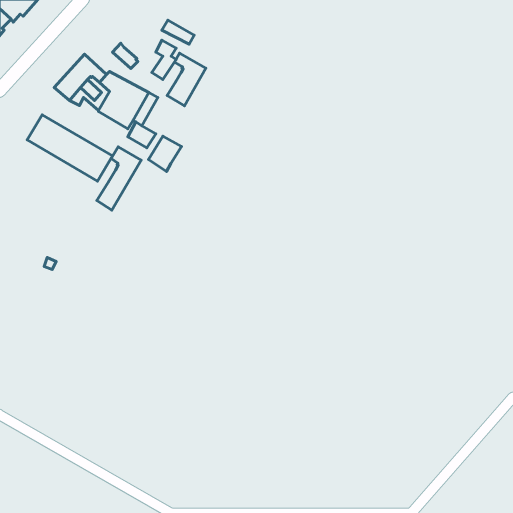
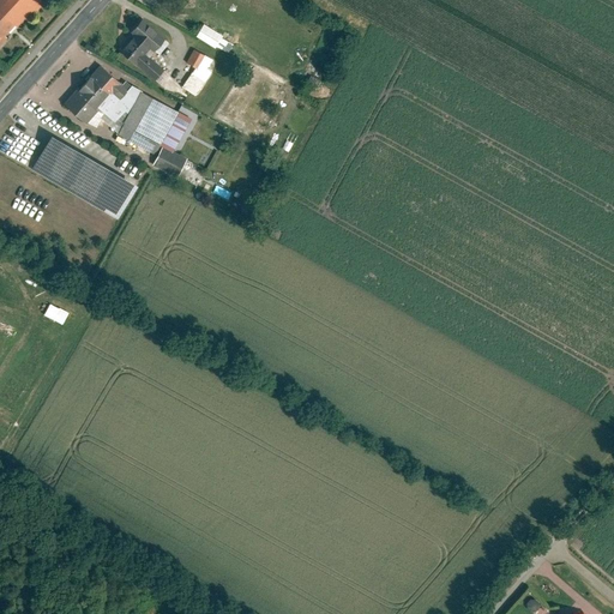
building: none -> [119,19,159,62]
building: [167,53,206,106] -> none
building: [148,136,182,172] -> none
building: [97,147,141,210] -> none

